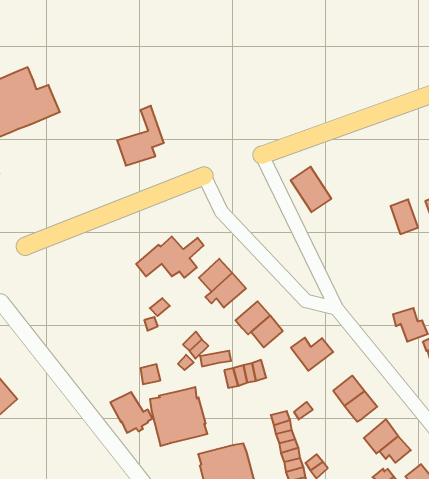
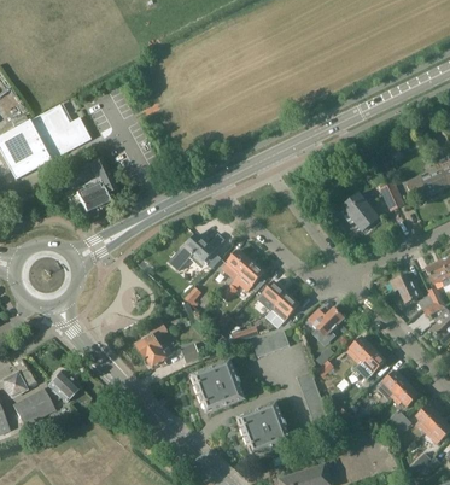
building: [117,106,164,166] -> [76,158,116,211]
building: [291,167,331,212] -> [343,192,379,230]
building: [110,392,153,433] -> [135,333,173,368]

